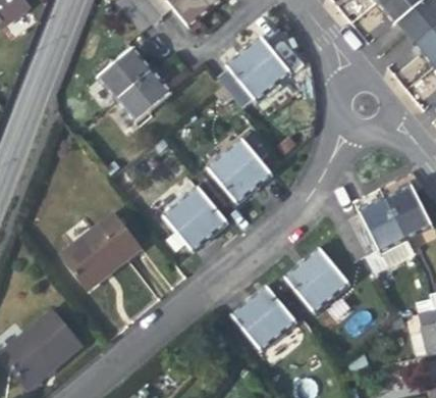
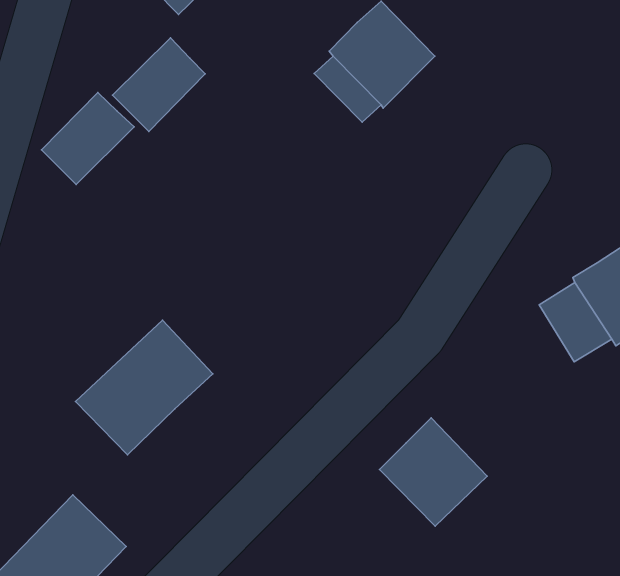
building: [117,68,173,121] -> [41,92,134,185]
building: [208,137,272,202] -> none
building: [165,186,227,249] -> none
building: [286,248,350,313] -> none

